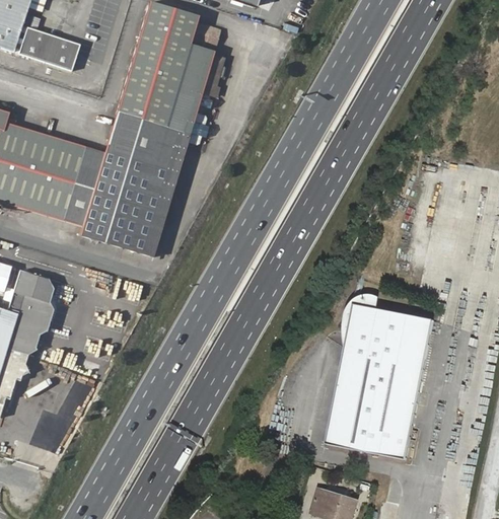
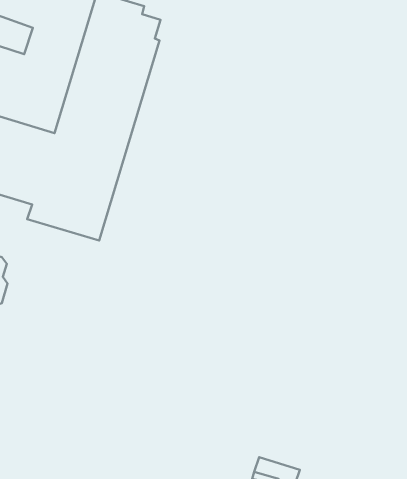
building: [327,302,432,457] -> none

